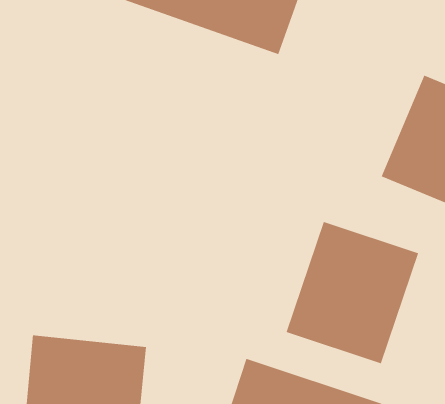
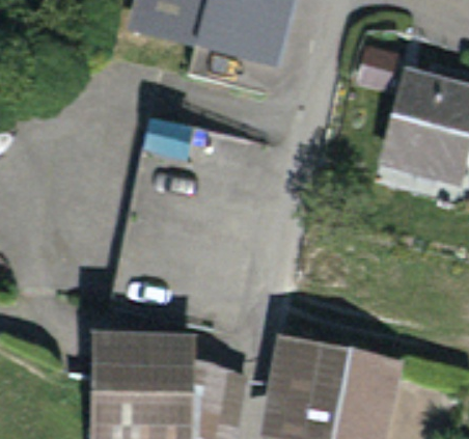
building: [286,221,419,364] -> none

